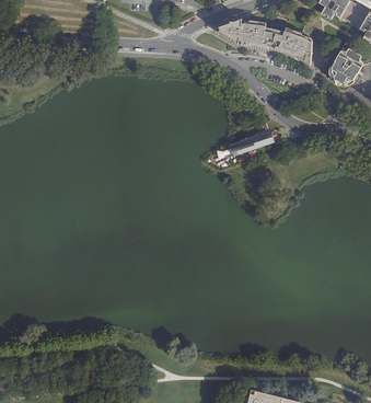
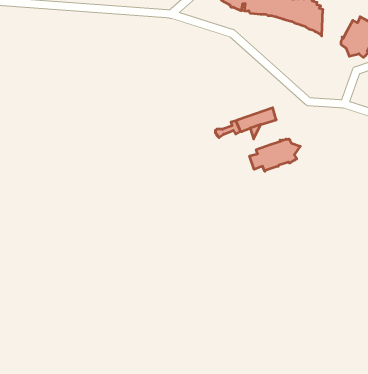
building: none -> [250,139,300,171]

